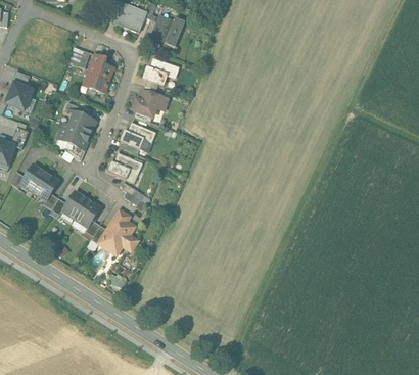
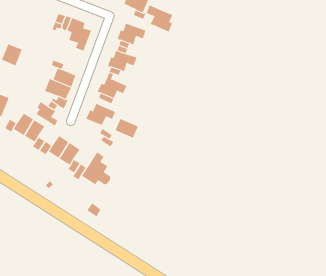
building: none -> [146,4,173,32]
building: none -> [35,101,58,126]
building: none -> [115,118,139,138]

